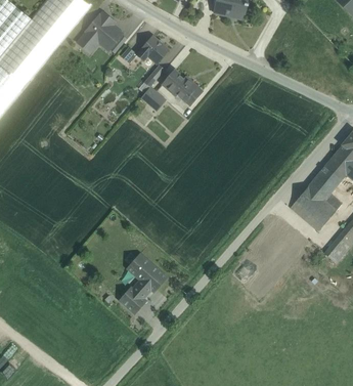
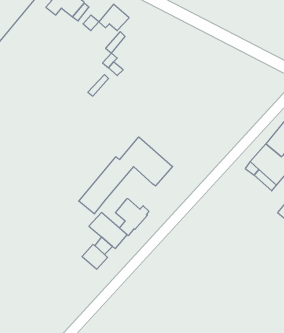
building: [162,70,201,102] -> none
building: none -> [79,137,173,214]
building: none -> [115,199,149,236]

